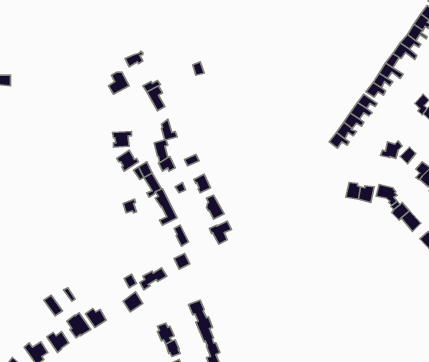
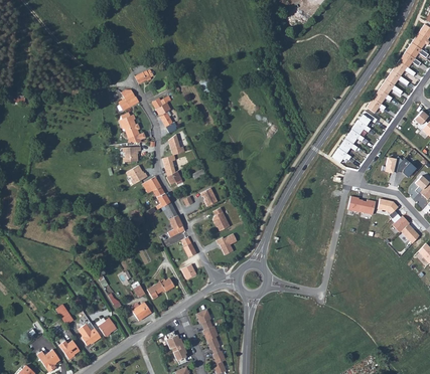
building: none -> [119,113,141,143]

